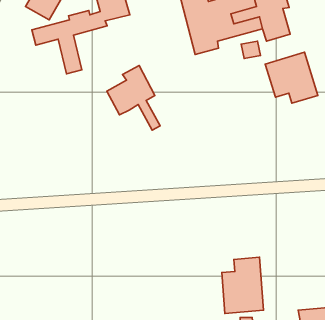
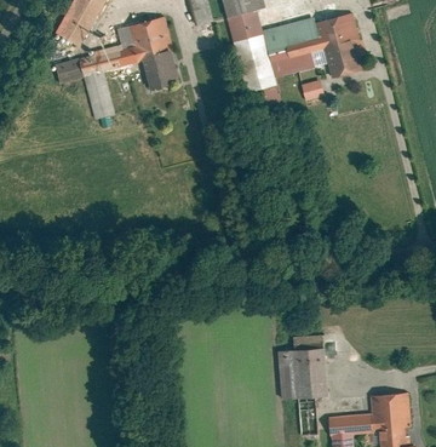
building: none -> [140,46,180,86]
building: [265,52,318,103] -> none
building: [107,65,160,130] -> none

